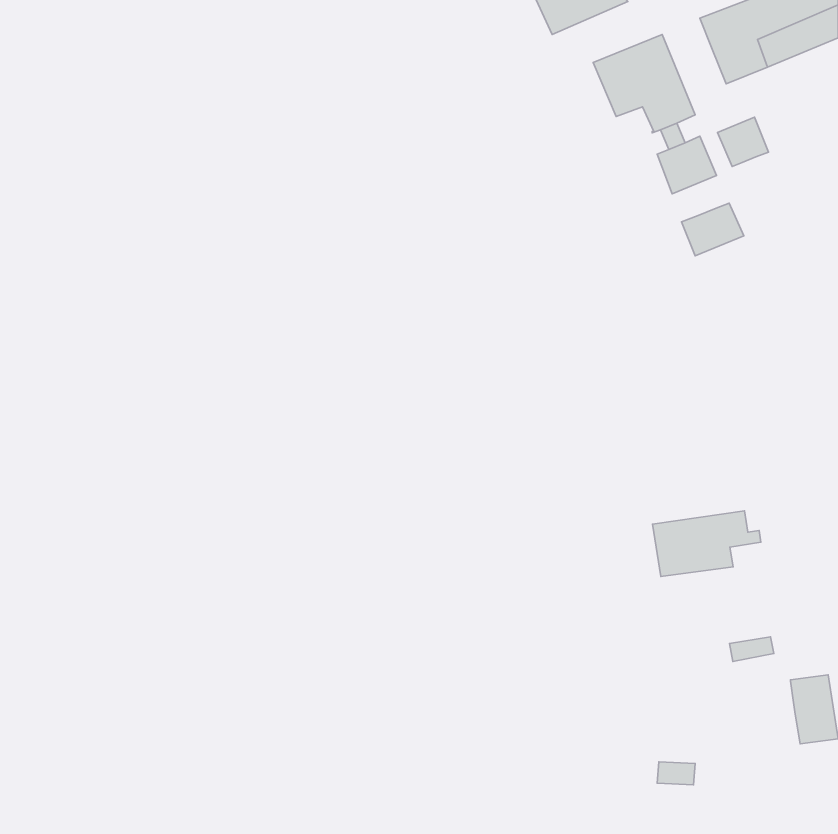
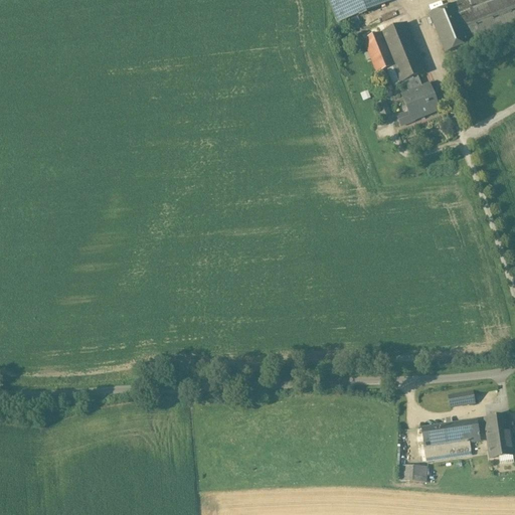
building: [717,117,769,166] -> none
building: [682,203,744,256] -> none
building: [653,511,761,577] -> [420,418,487,459]

